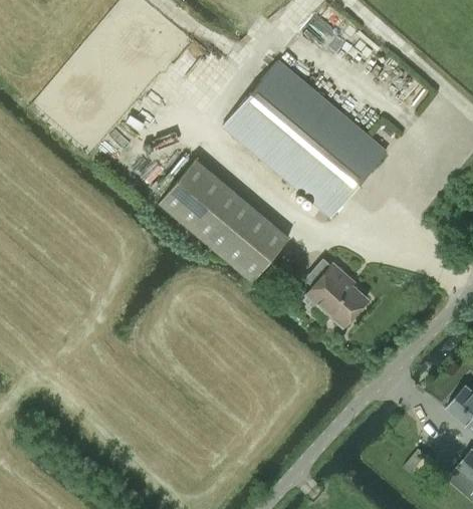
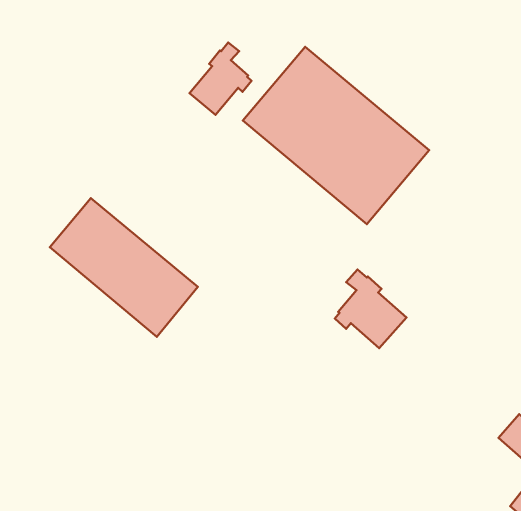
building: none -> [190,43,252,115]
building: [159,160,289,282] -> [50,198,198,337]

